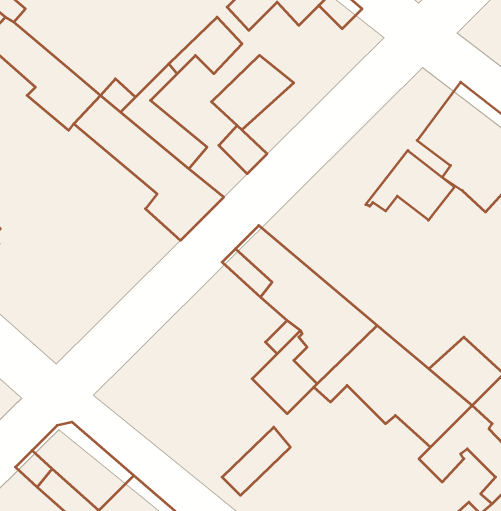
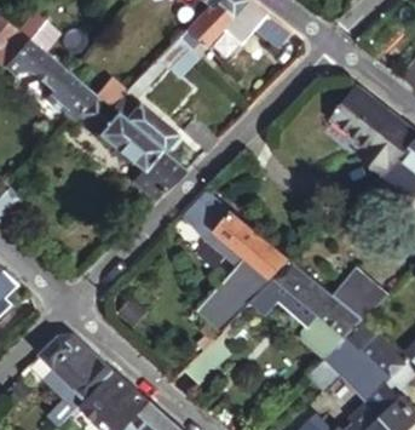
building: [211,55,294,130] -> none
building: [366,150,455,220] -> none

